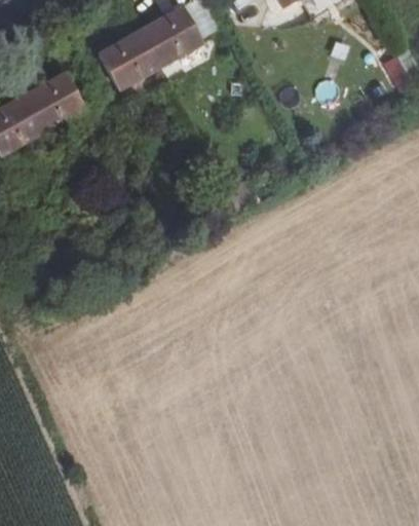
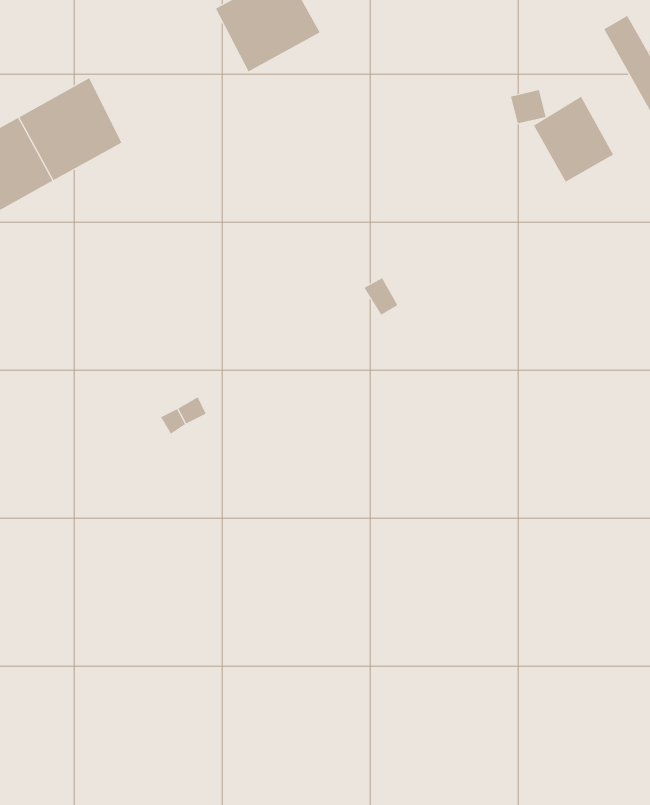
building: [100,29,160,89] -> none
building: none -> [533,96,614,183]

